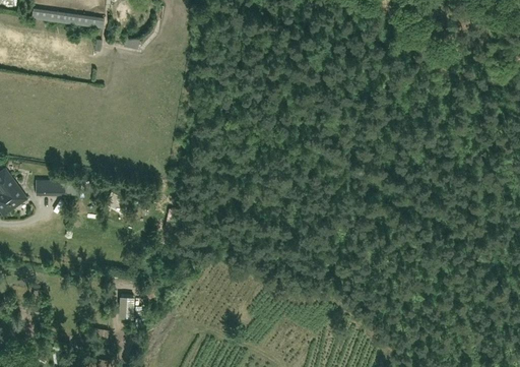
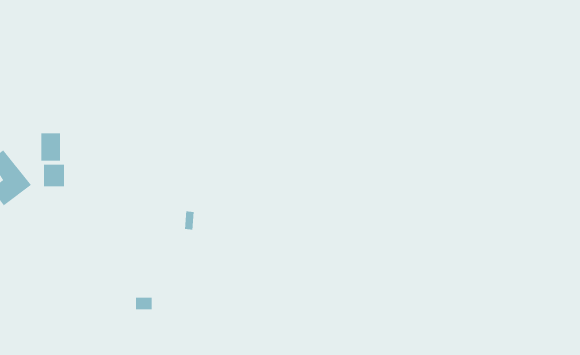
building: none -> [41,132,60,162]

